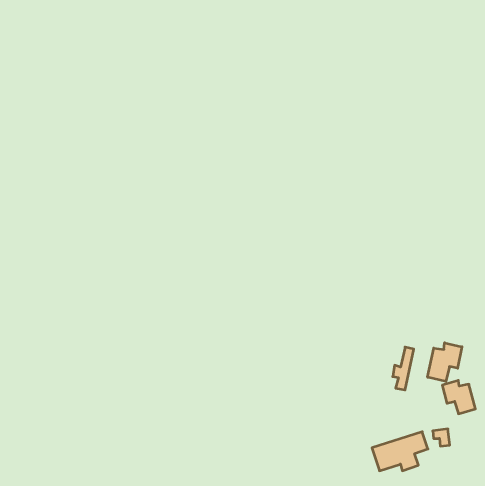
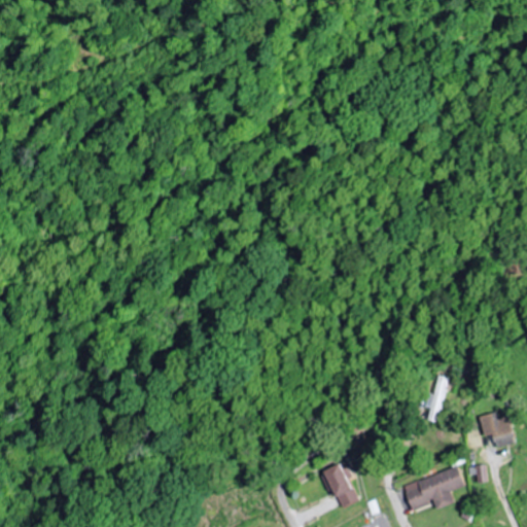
building: [428,343,462,381] -> none
building: none -> [320,465,357,507]

